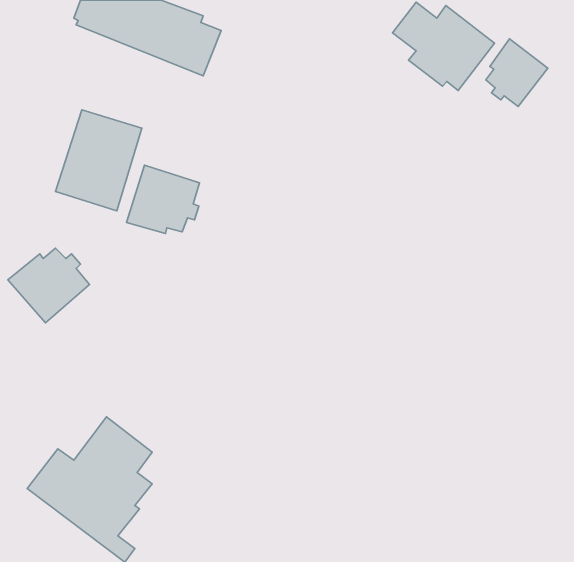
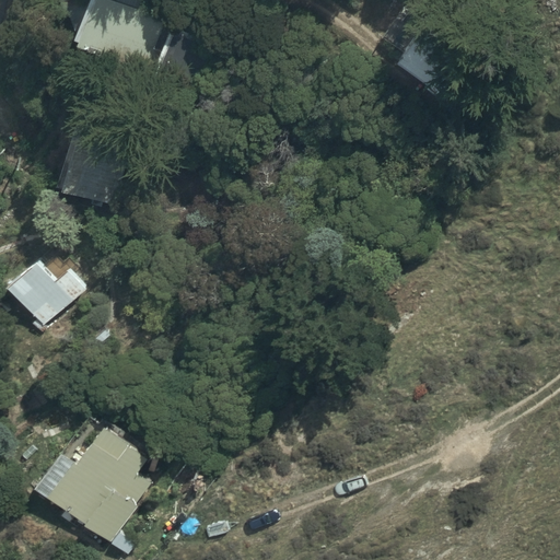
building: [486,39,548,107] -> none
building: [126,165,200,233] -> none

